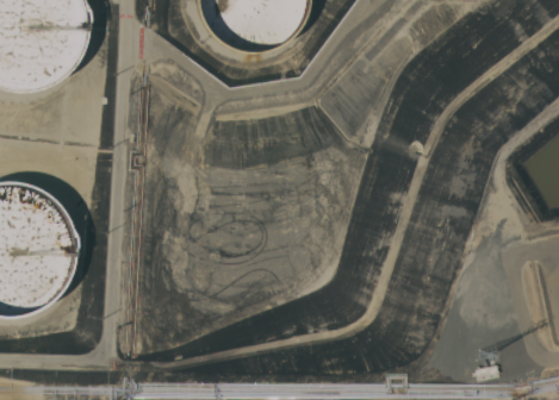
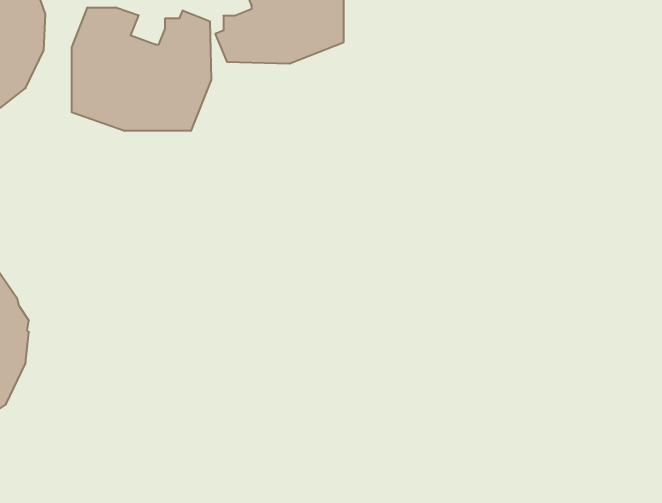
building: none -> [72,7,211,131]

